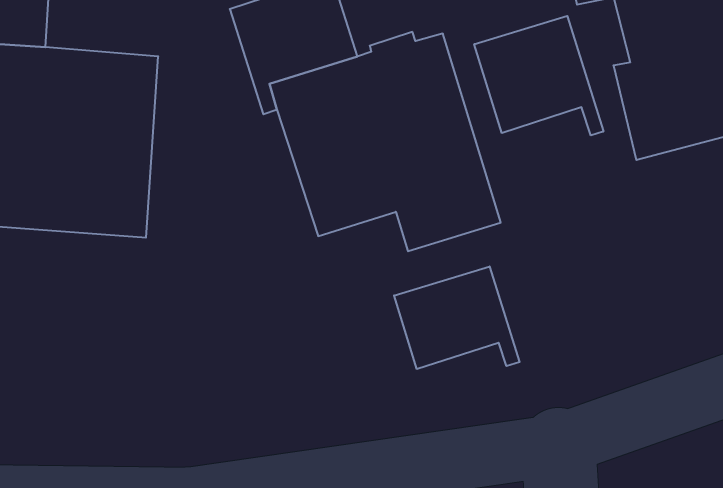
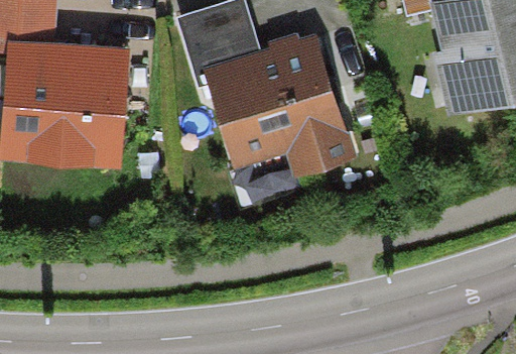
building: [474,16,603,135] -> none
building: [394,266,520,369] -> none

